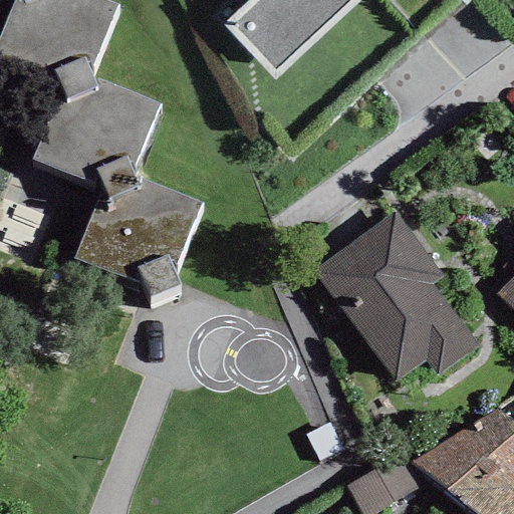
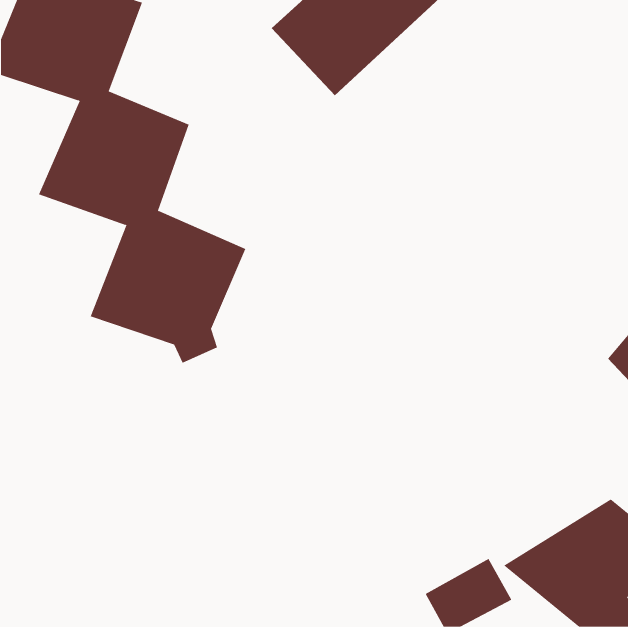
building: [312,209,479,382] -> none

